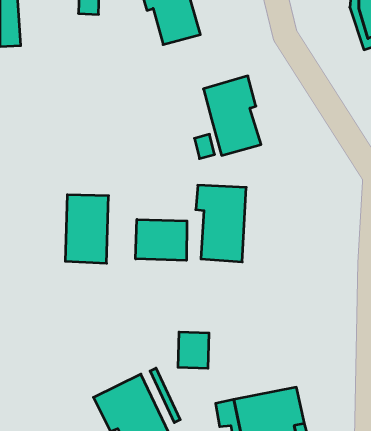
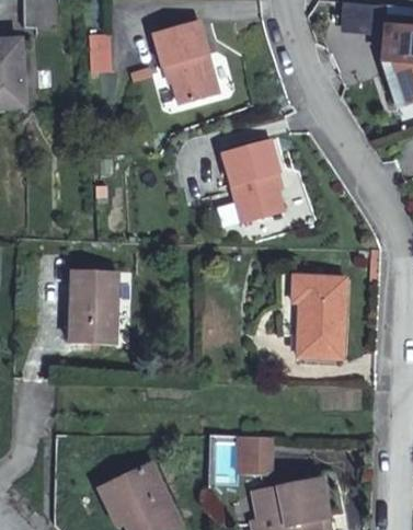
building: [196,185,246,262] -> [292,273,347,356]
building: [136,219,187,260] -> none
building: [178,332,209,368] -> [239,437,273,476]

